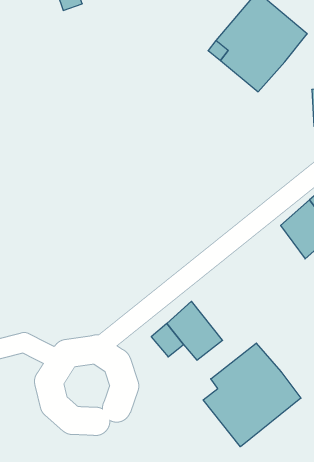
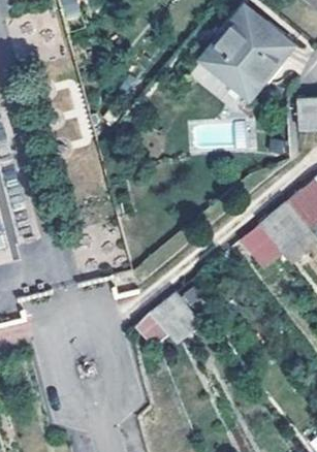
building: none -> [247,223,289,270]
building: [203,343,301,447] -> none

